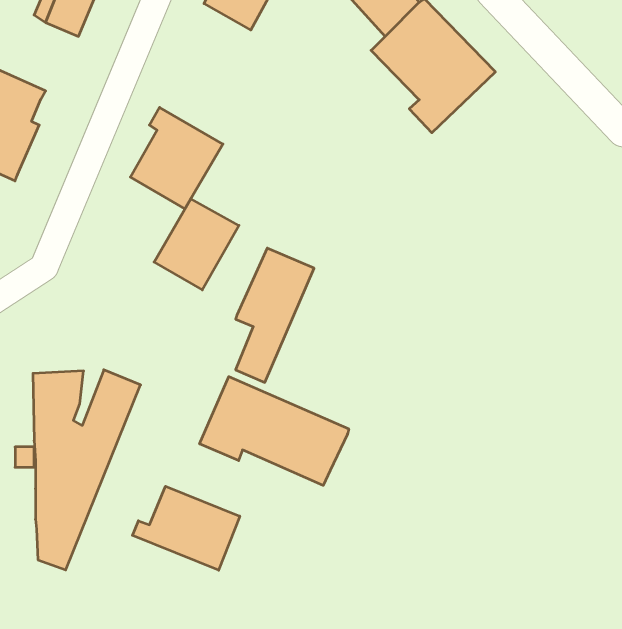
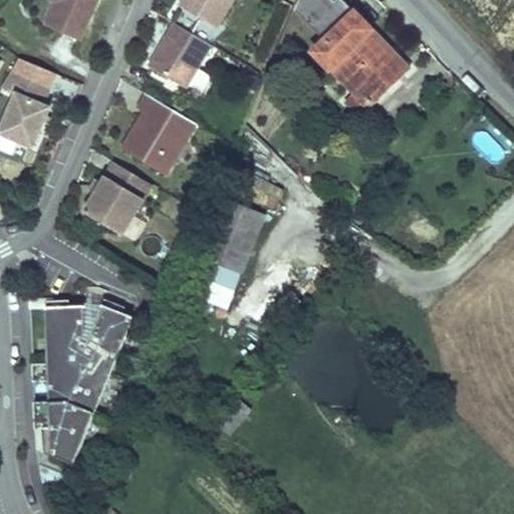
building: none -> [148,21,209,85]
building: [154,199,239,290] -> [83,163,151,235]
building: [200,377,349,485] -> none
building: [132,486,240,570] -> none

